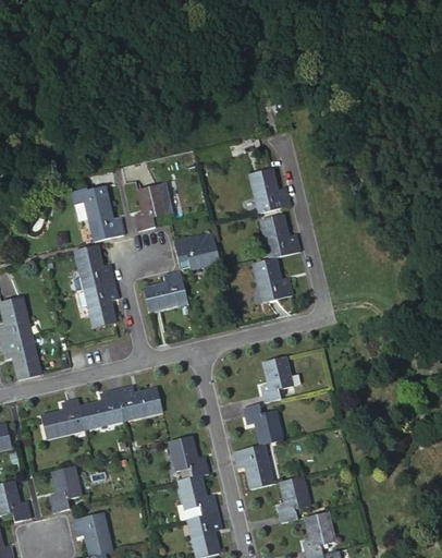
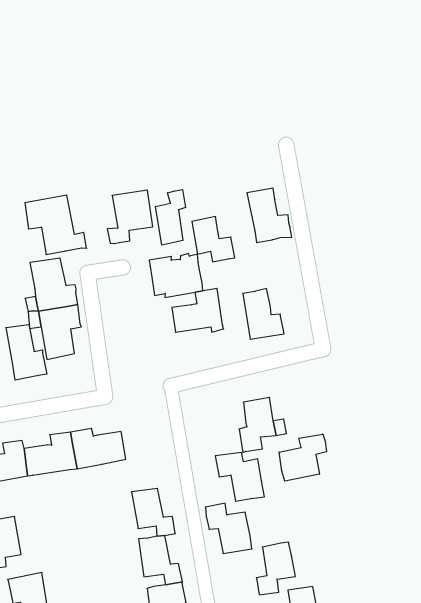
building: none -> [156,190,186,245]
building: [262,220,300,258] -> [192,217,235,262]
building: [143,275,187,314] -> [172,288,224,332]
building: none -> [6,325,47,380]
building: none -> [279,434,327,481]

